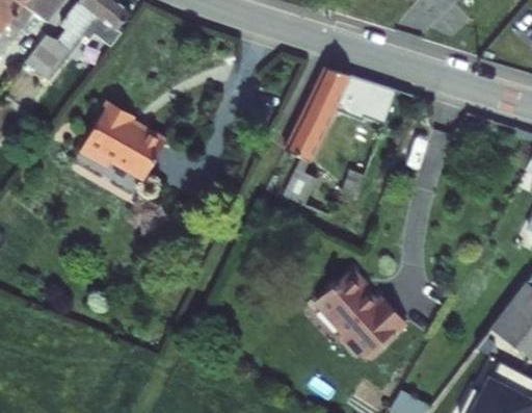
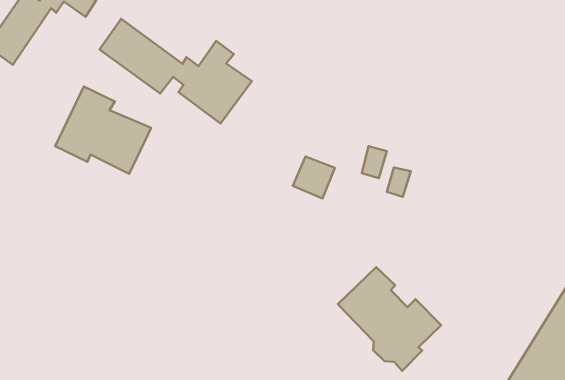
building: none -> [99,19,252,123]
building: [286,70,399,169] -> none

